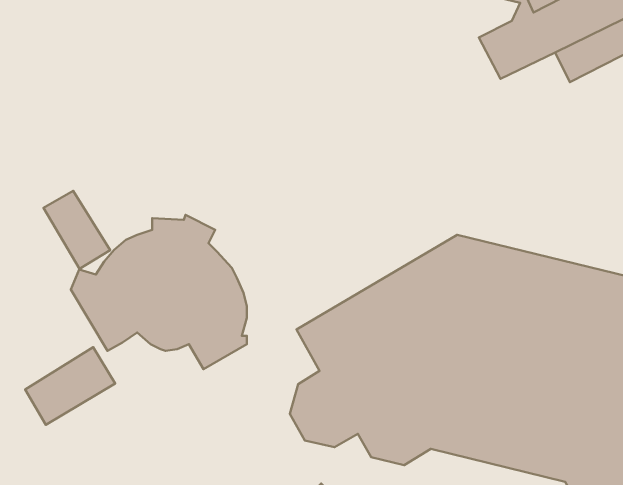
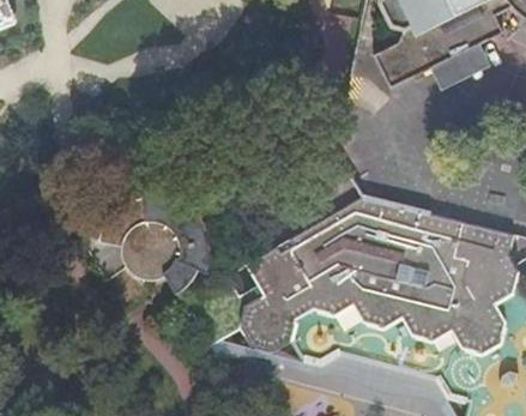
building: [43,191,110,269] -> none
building: [25,347,115,425] -> none

